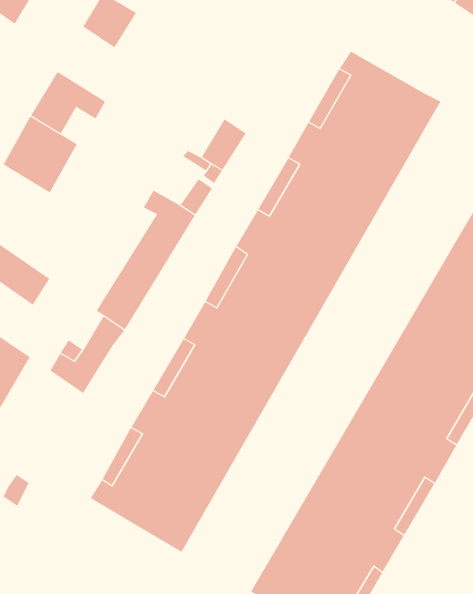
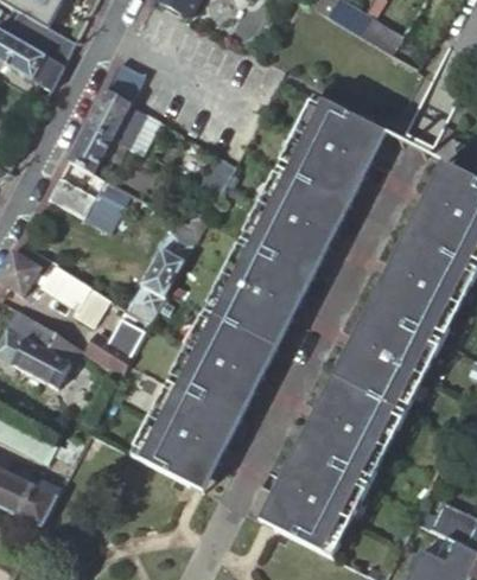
building: none -> [87,89,147,147]
building: none -> [87,180,132,232]

